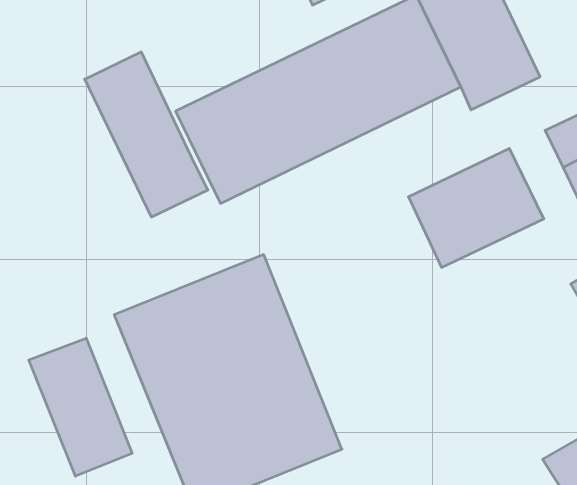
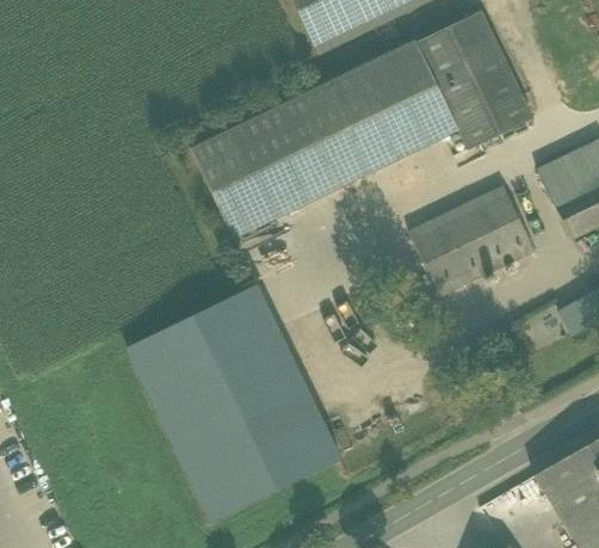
building: [85,52,208,217] -> none
building: [29,338,132,476] -> none

